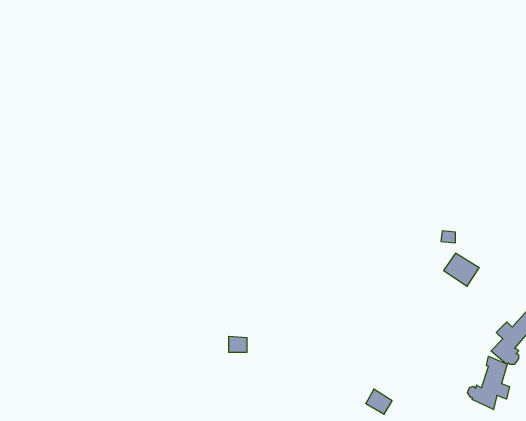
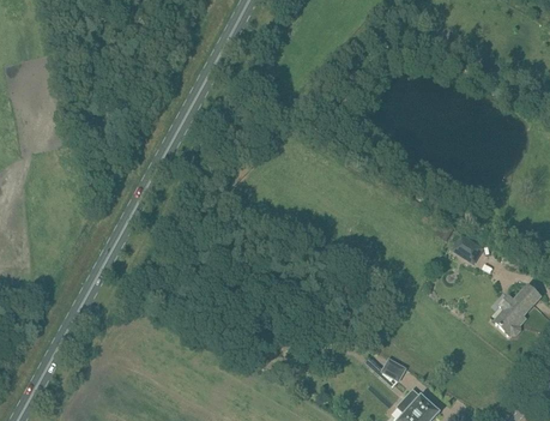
building: [467,356,510,410] -> none

